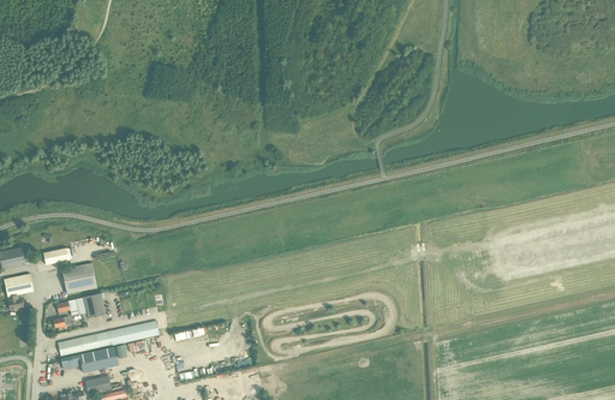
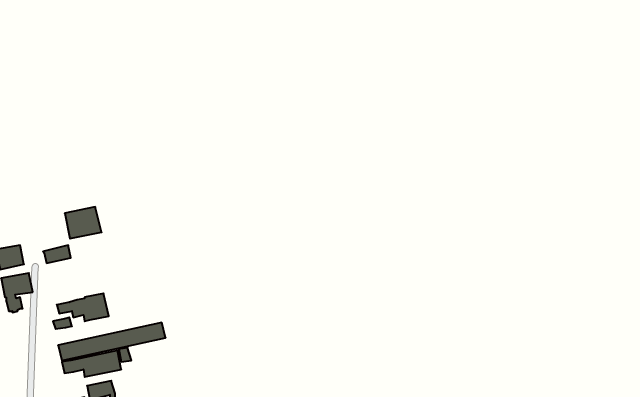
building: [62,262,97,292] -> [65,207,102,239]

